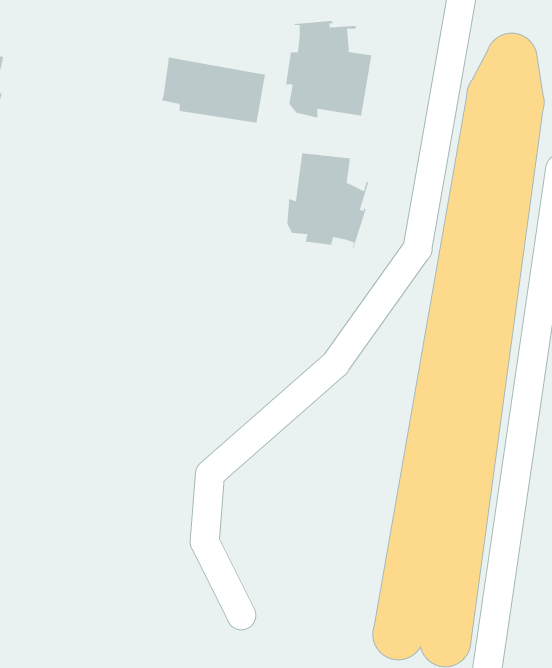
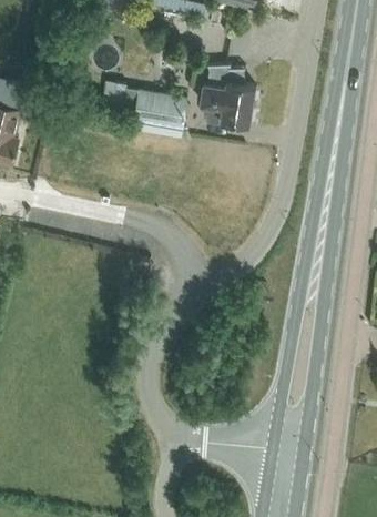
building: [287,153,369,249] -> none

